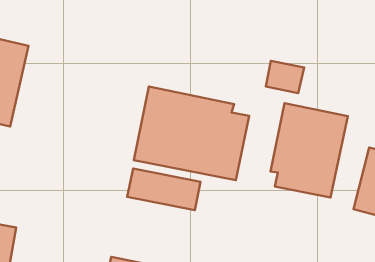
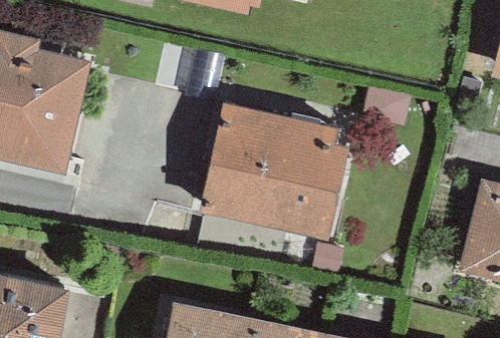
building: [270,103,348,198] -> none

